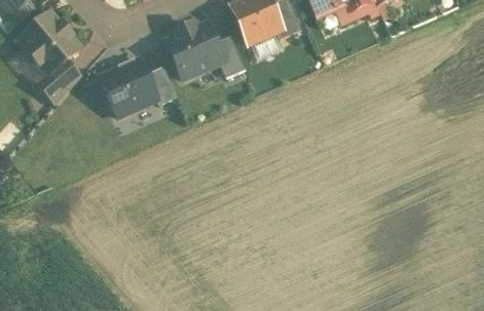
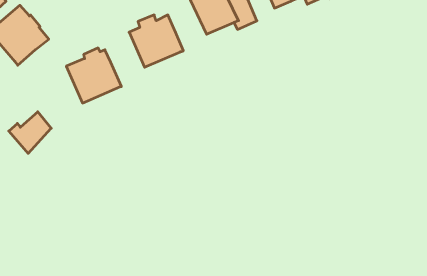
building: [215,35,245,77] -> none
building: [35,60,80,104] -> [9,112,51,153]
building: [146,66,177,105] -> none

